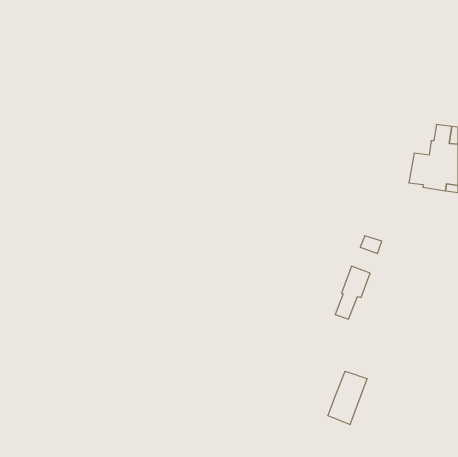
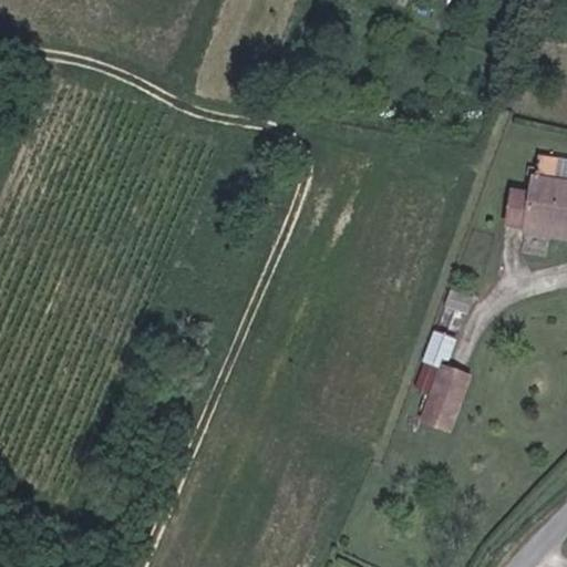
building: [328,372,367,425] -> [421,367,470,432]

